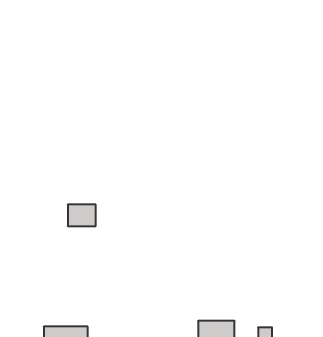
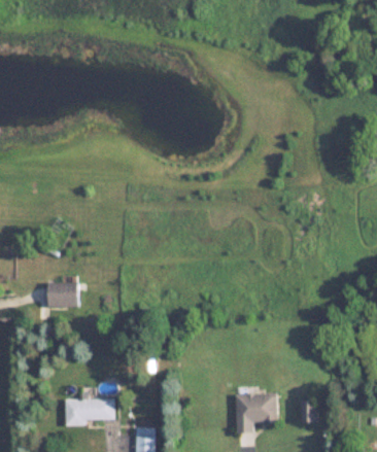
building: [68,205,96,226] -> [46,283,77,307]

